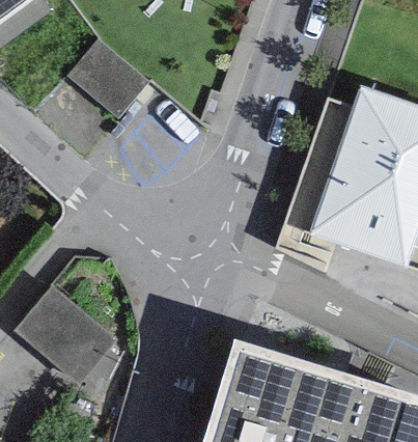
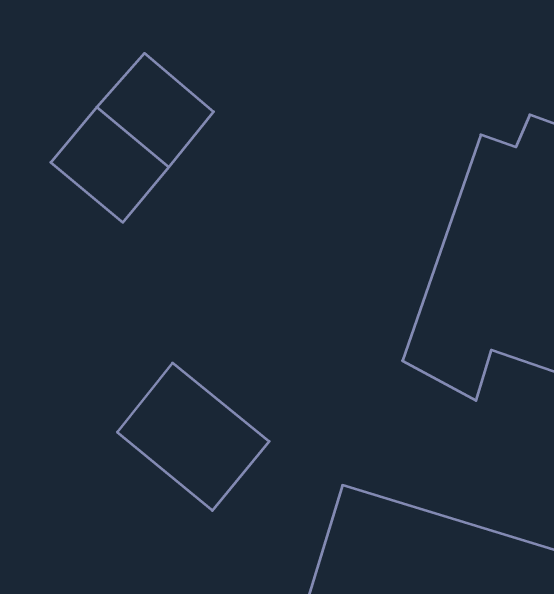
building: [15,288,117,388] -> [117,363,269,511]

